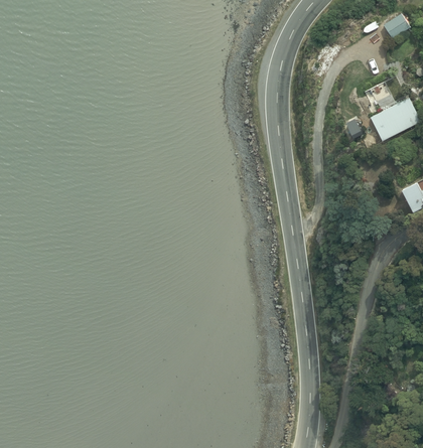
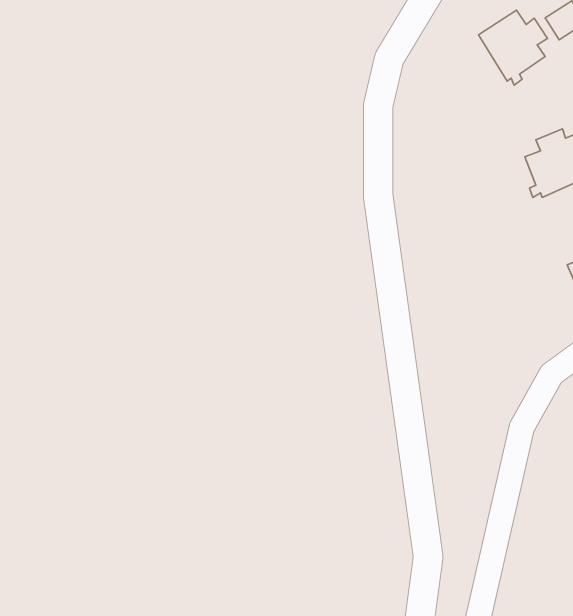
building: none -> [479,10,547,85]

